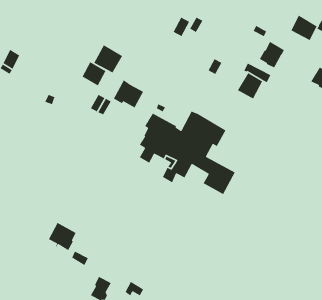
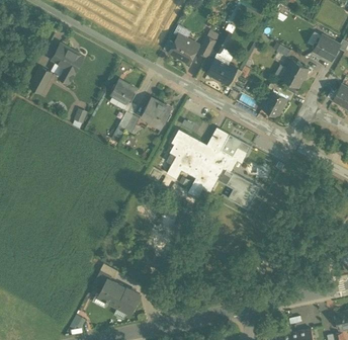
building: none -> [52,44,83,81]
building: none -> [207,57,236,84]
building: [93,44,123,73] -> [169,34,198,63]
building: [48,222,77,251] -> [98,278,126,307]

